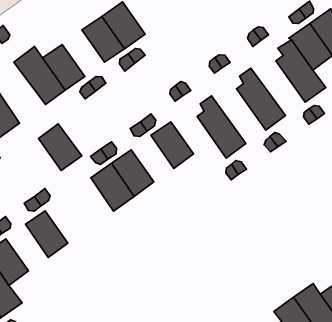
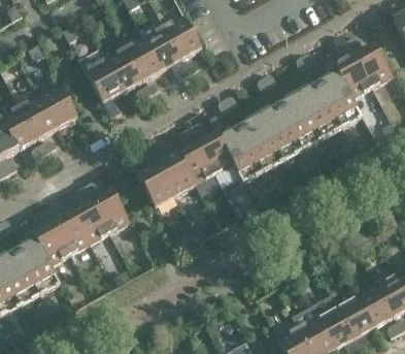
building: none -> [125,37,162,81]
building: none -> [296,84,342,137]
building: none -> [257,104,303,159]
building: none -> [216,126,264,182]
building: [39,124,82,171] -> [92,189,130,232]
building: none -> [177,141,214,185]
building: none -> [53,211,90,254]

